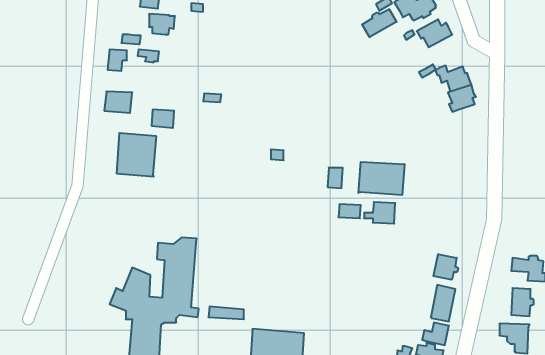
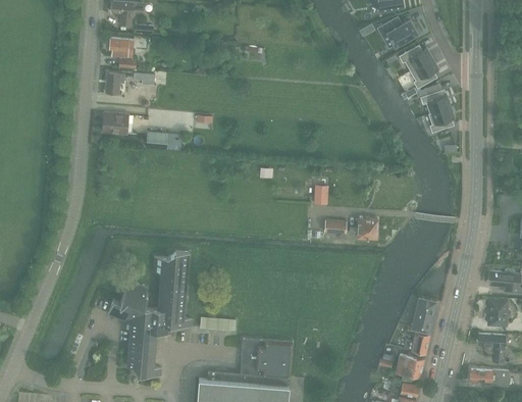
building: [362,9,397,37] -> none
building: [149,14,175,34] -> [109,38,134,57]
building: none -> [410,59,438,89]
building: [117,133,156,177] -> none
building: [358,162,404,195] -> none
building: [433,254,458,280] -> none

